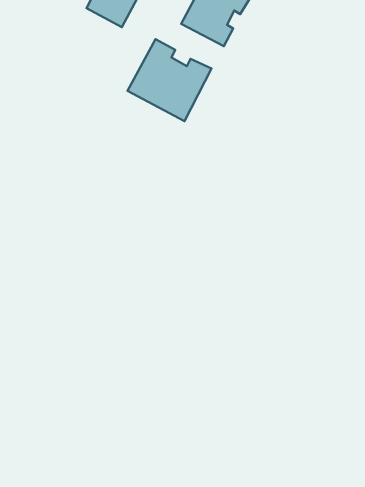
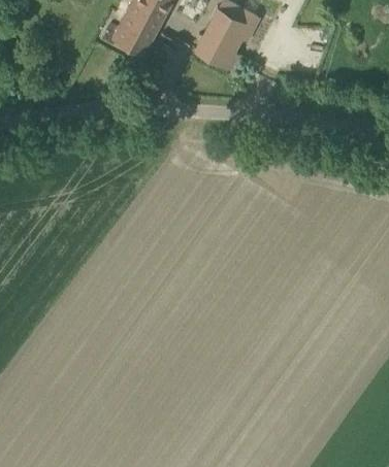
building: [127,39,212,121] -> none

